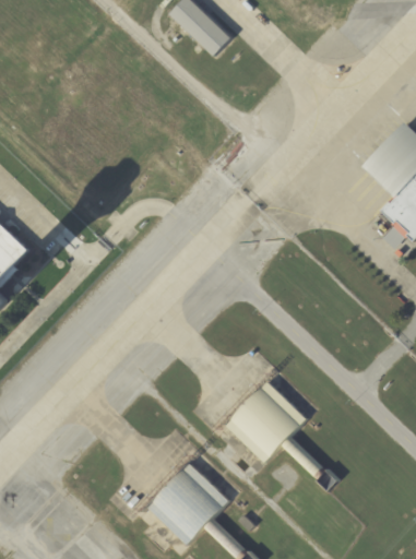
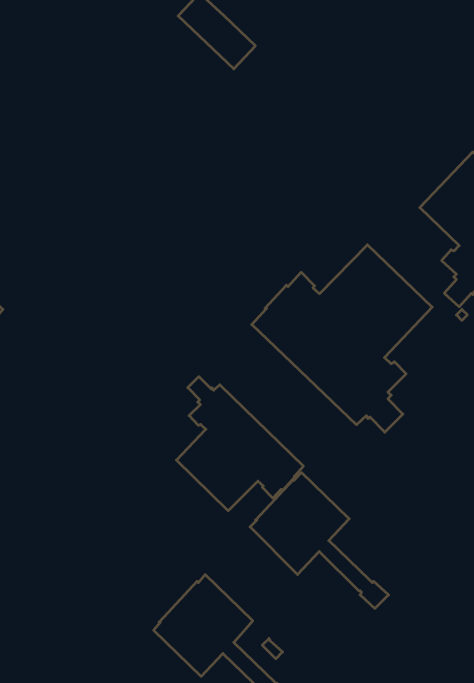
building: none -> [252,245,432,432]
building: none -> [176,377,303,511]

